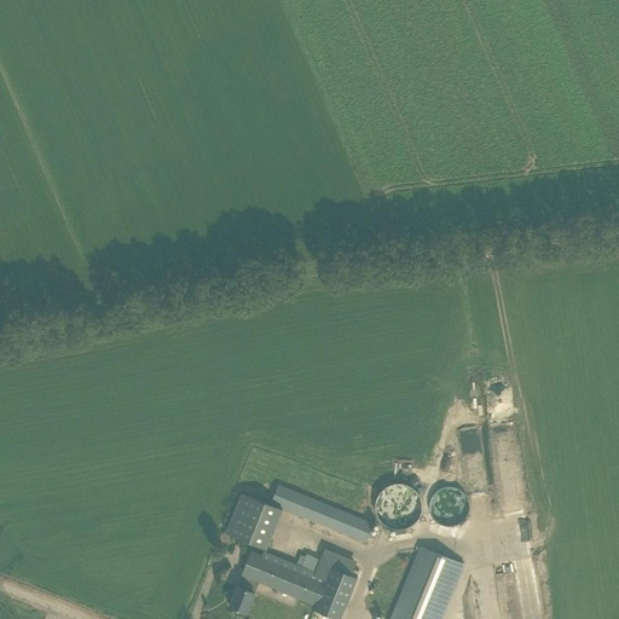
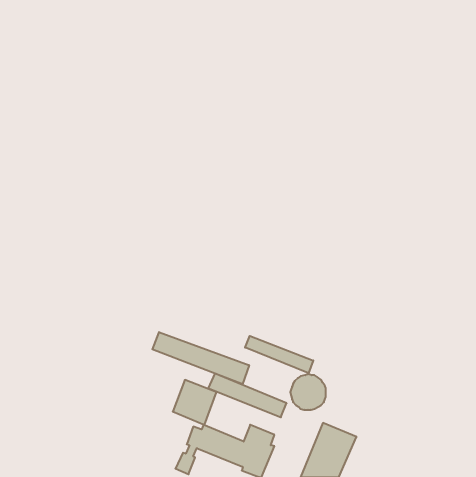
building: none -> [152,332,249,384]
building: none -> [245,336,313,373]

